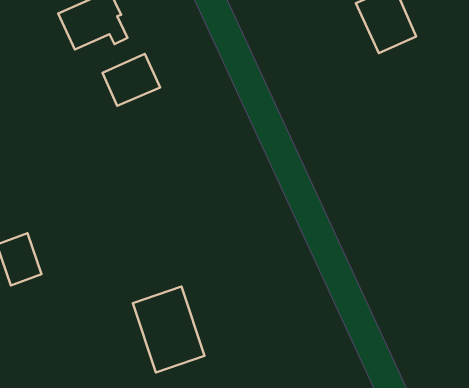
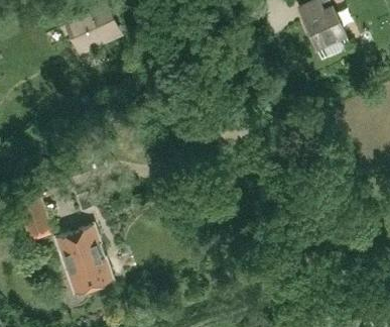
building: [103,54,160,106] -> none
building: [133,286,205,372] -> [56,226,113,294]

